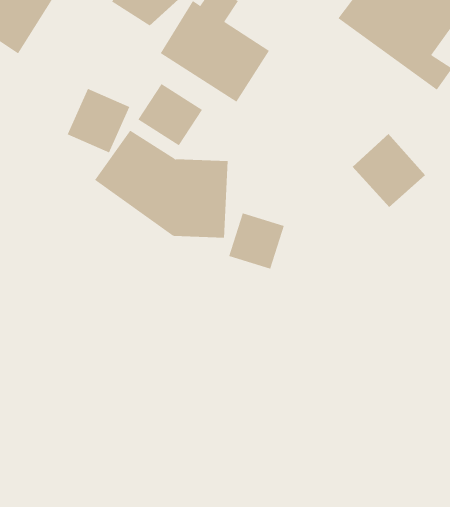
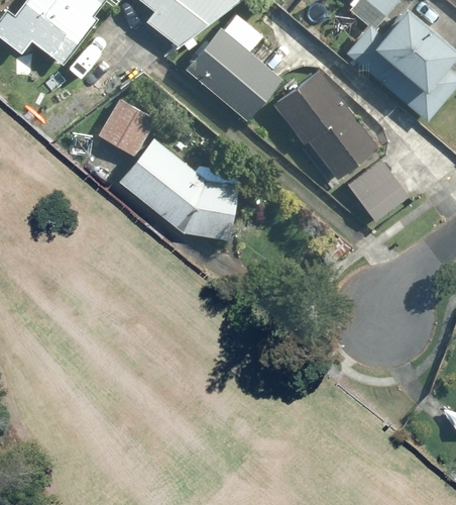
building: none -> [274,70,380,181]
building: [138,83,203,146] -> none
building: [228,213,285,270] -> none

